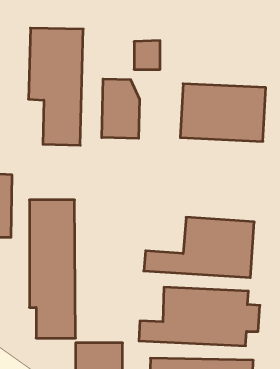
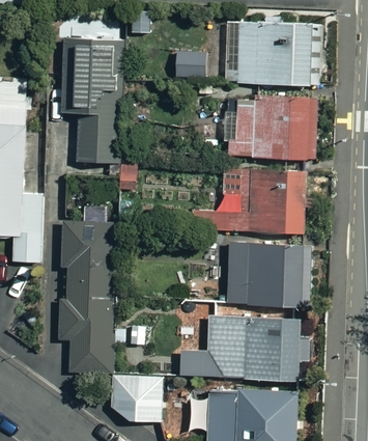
building: none -> [238,24,327,85]
building: [102,79,139,138] -> none
building: none -> [194,167,304,232]

